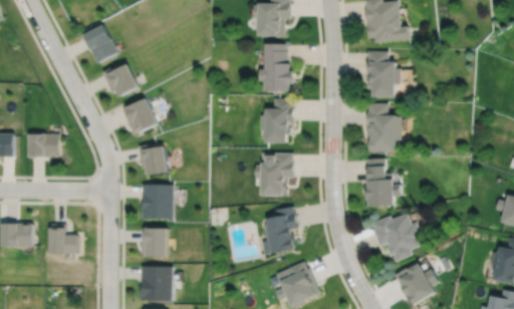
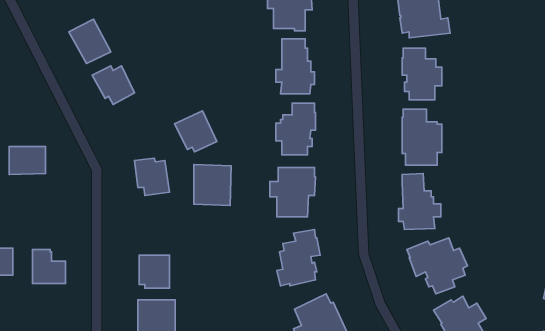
building: [121,100,158,135] -> [175,111,217,152]
building: [142,185,174,220] -> [194,164,231,205]

